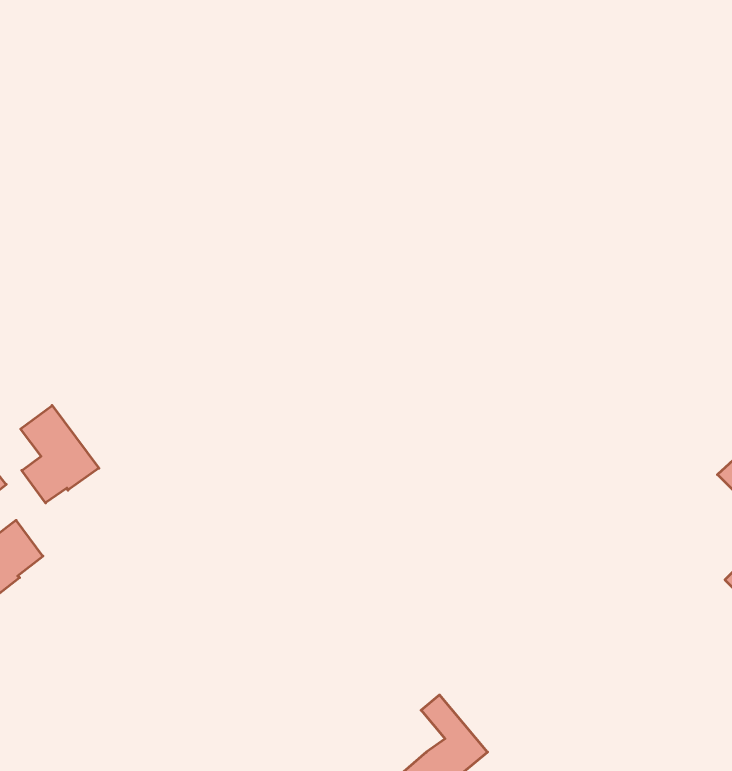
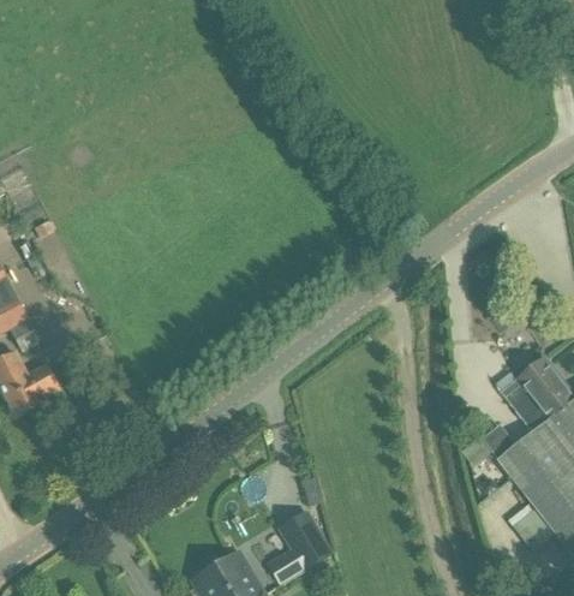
building: [21,405,99,503] -> none

